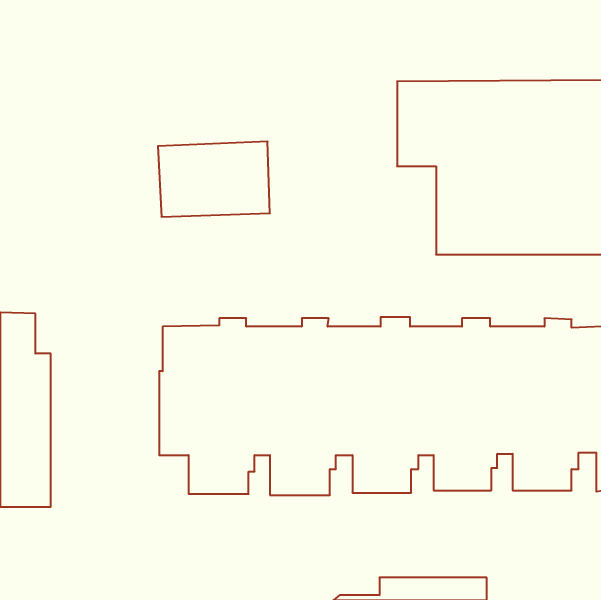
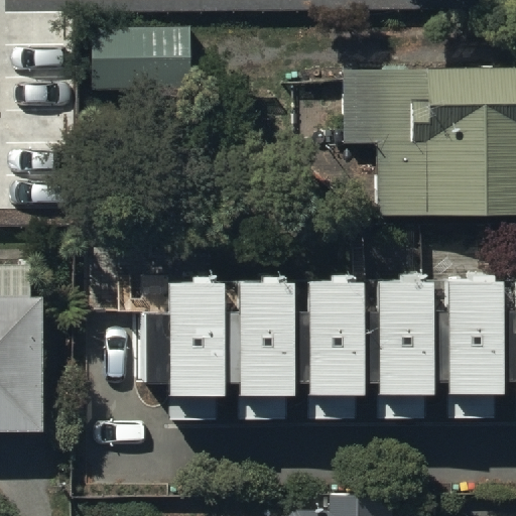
building: [158,141,270,217] -> [96,24,191,89]

